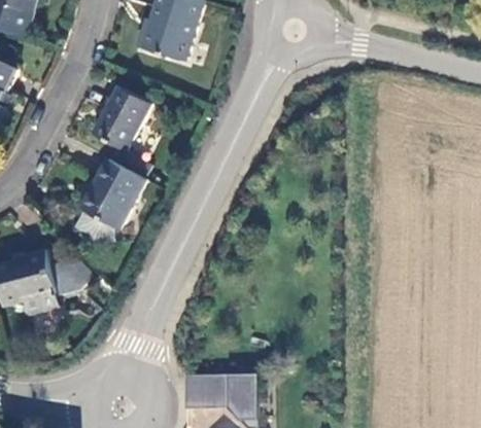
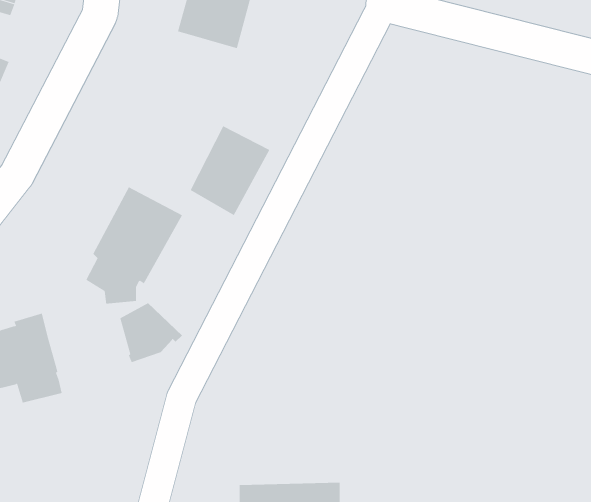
building: [93,86,150,151] -> [190,126,270,216]
building: [48,255,94,298] -> [120,302,183,363]

